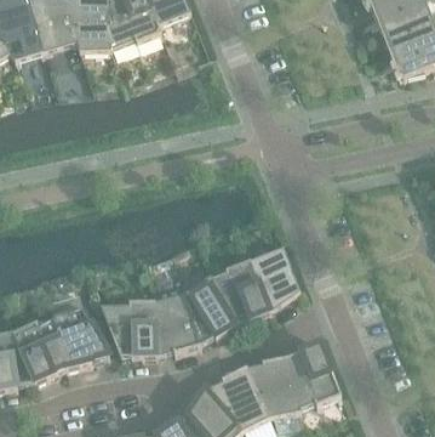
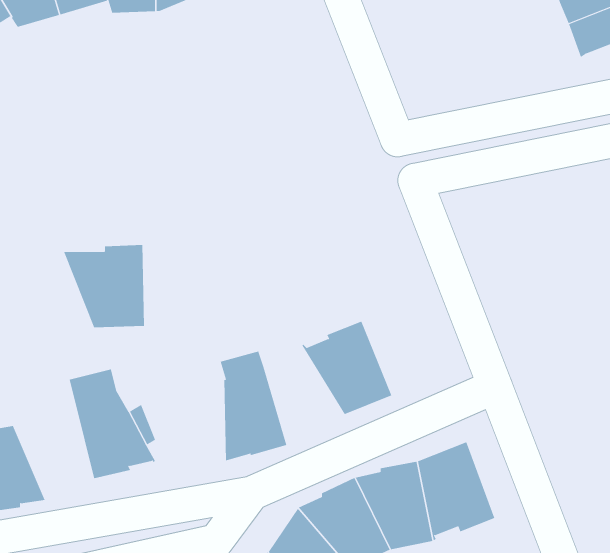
building: [250,246,301,311] -> none
building: [183,277,237,345] -> none
building: [101,300,156,357] -> [63,244,145,328]
building: [12,314,67,382] -> none

